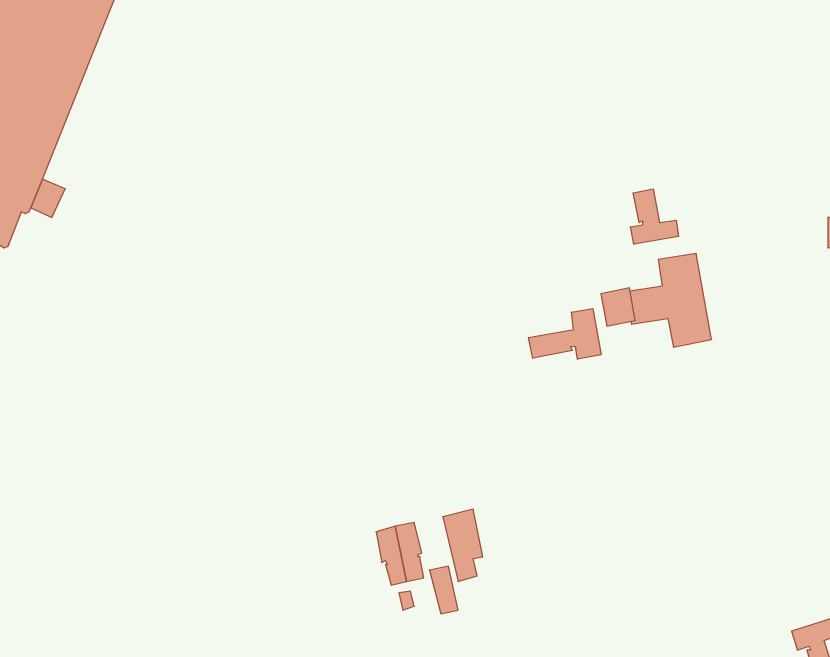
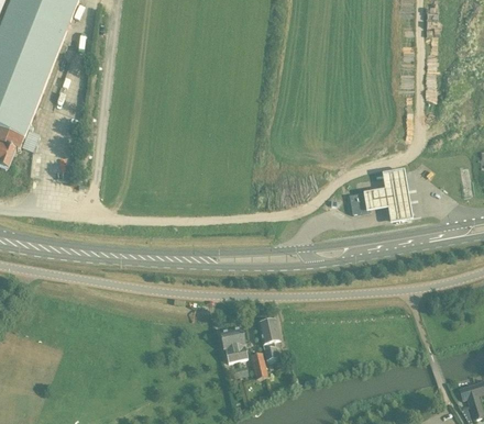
building: [630,189,679,244] -> none
building: [529,309,601,359] -> none

